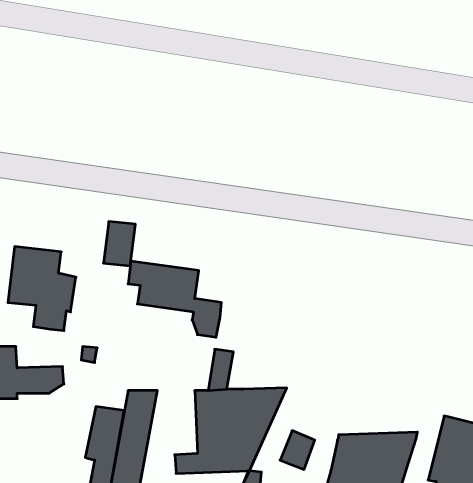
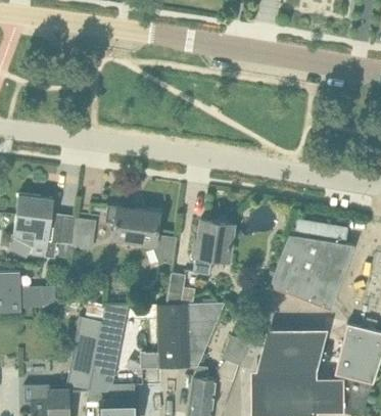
building: [103,222,135,266] -> [73,218,97,251]
building: none -> [193,219,234,276]
building: none -> [270,219,354,309]

